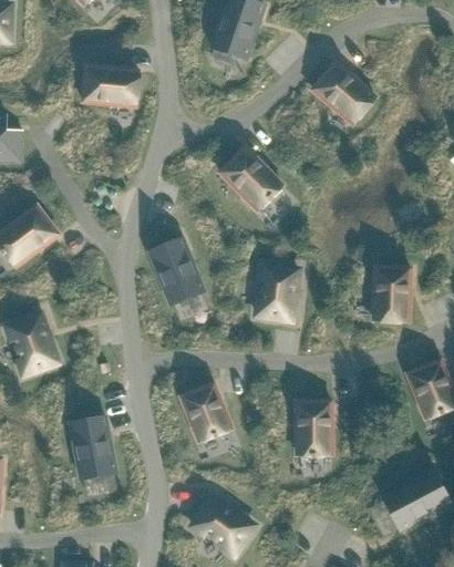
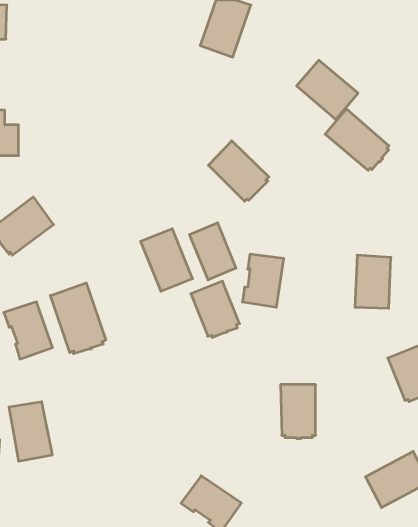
building: [83,66,140,107] -> none
building: none -> [325,109,389,170]
building: none -> [190,223,236,280]
building: none -> [50,283,106,354]
building: [180,384,231,443] -> [191,281,240,337]
building: [71,417,116,480] -> [9,402,52,461]

